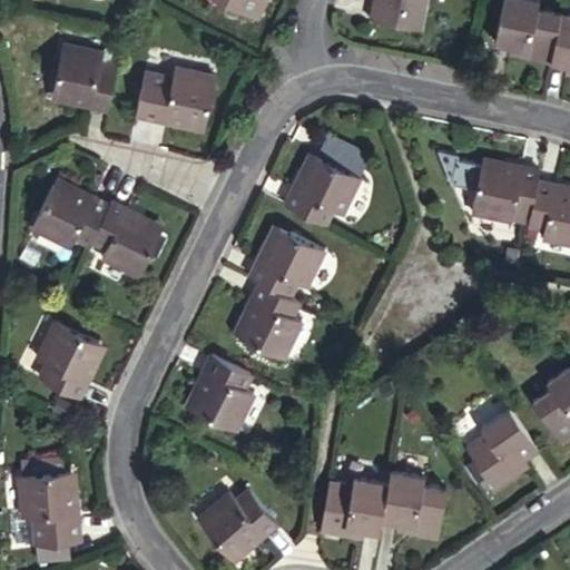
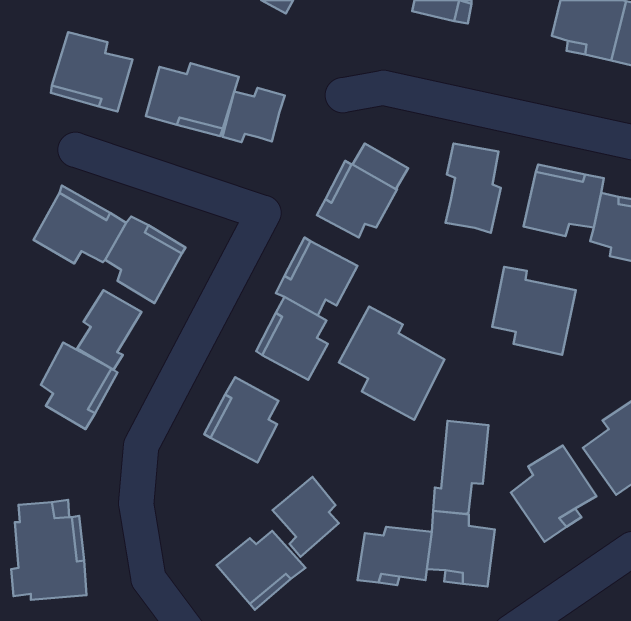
building: none -> [223,88,285,142]
building: none -> [445,144,501,233]
building: none -> [492,267,576,355]
building: none -> [77,290,141,370]
building: none -> [339,306,445,420]
building: none -> [433,421,489,514]
building: none -> [272,477,339,557]

